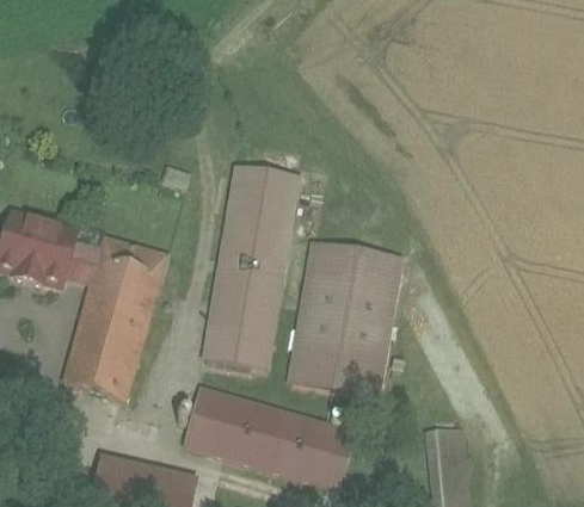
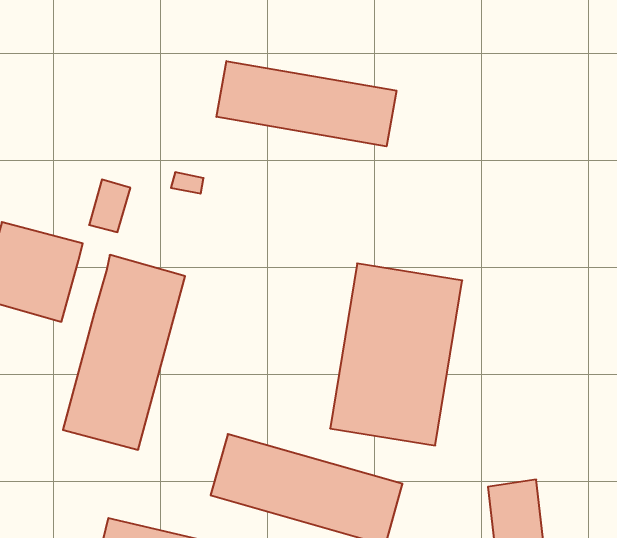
building: none -> [216,61,396,146]
building: [203,167,300,364] -> none
building: [64,241,99,285] -> [89,179,130,232]

